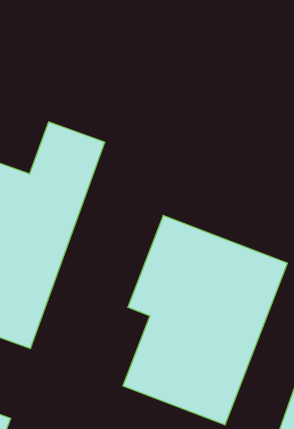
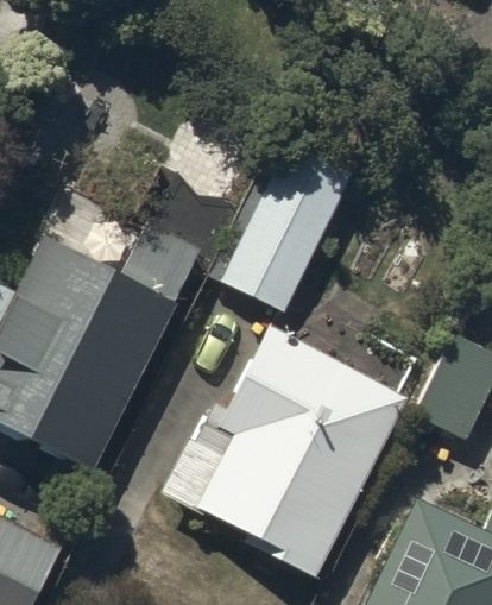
building: none -> [228,163,343,305]

